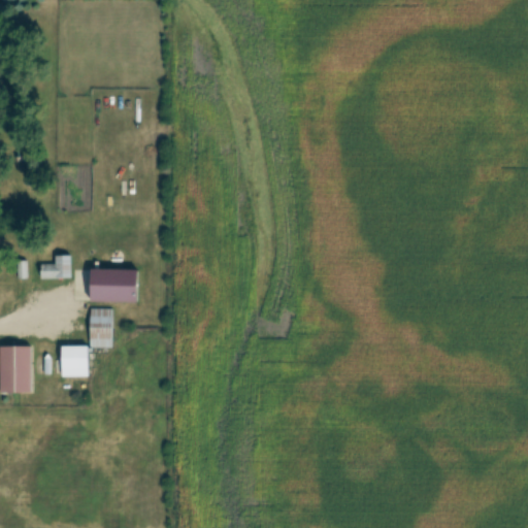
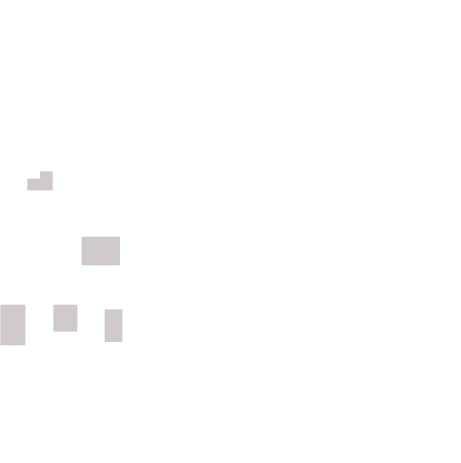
building: [39,255,70,277] -> [26,171,54,191]
building: [90,308,111,346] -> [104,309,123,342]

